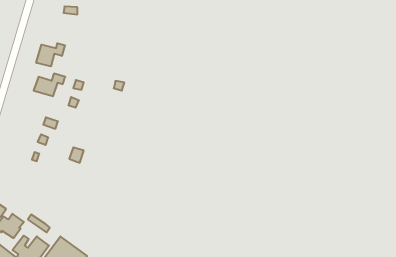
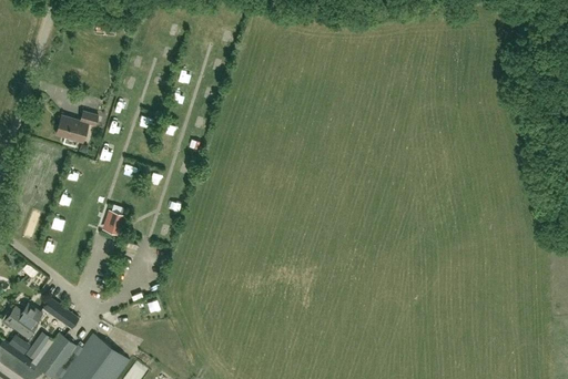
building: [36,43,65,66] -> none

